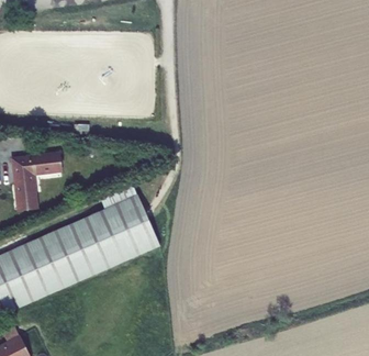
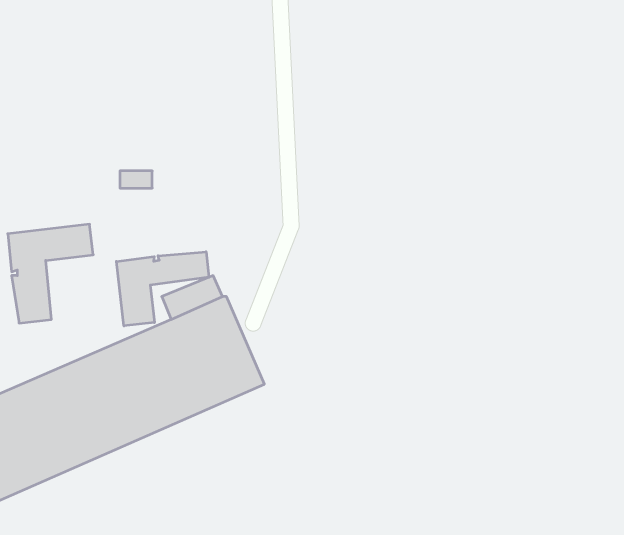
building: none -> [116,252,209,326]

